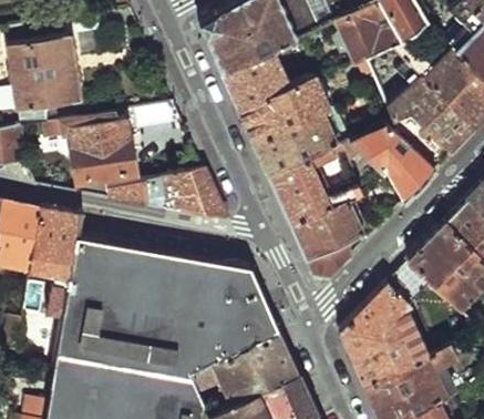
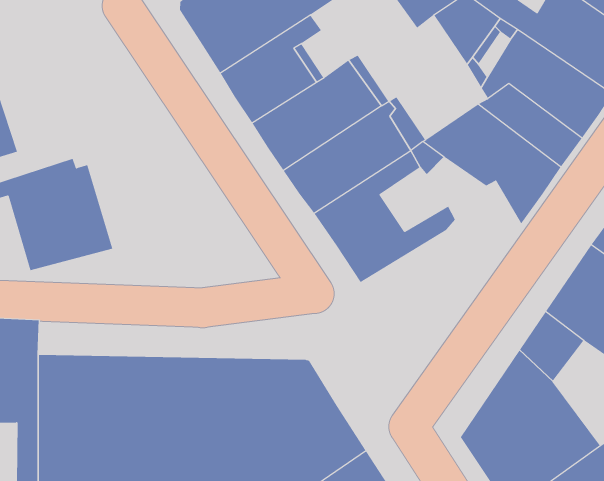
building: [107,172,226,218] -> none
building: [291,200,361,286] -> none

